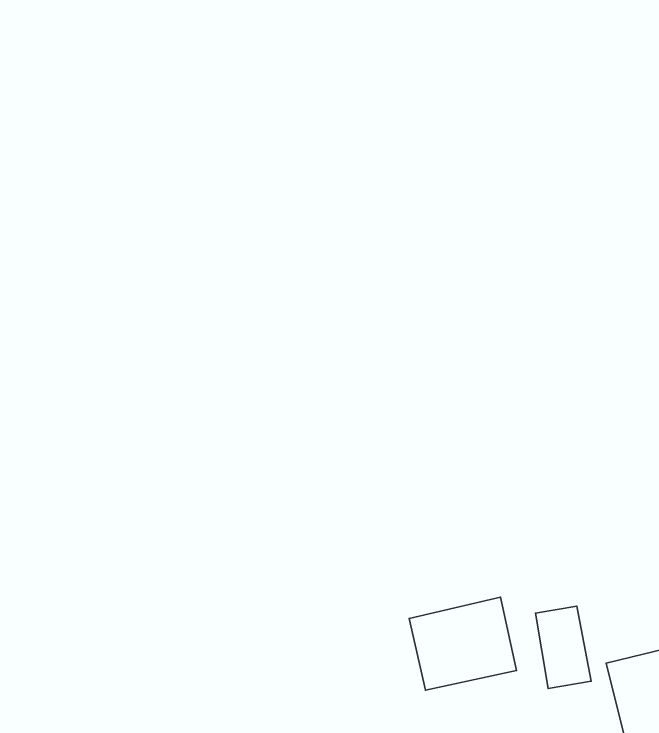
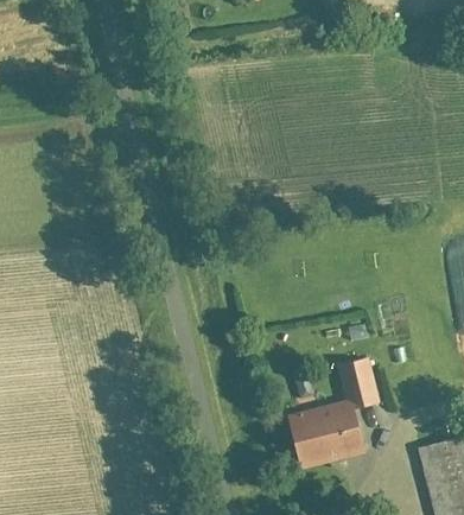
building: [536,606,591,688] -> [343,354,380,408]

